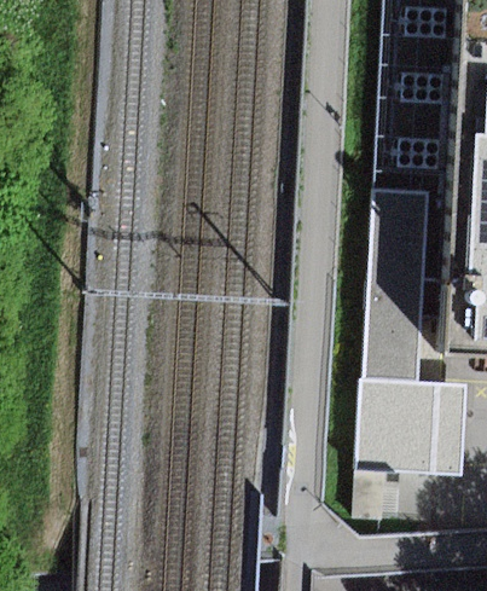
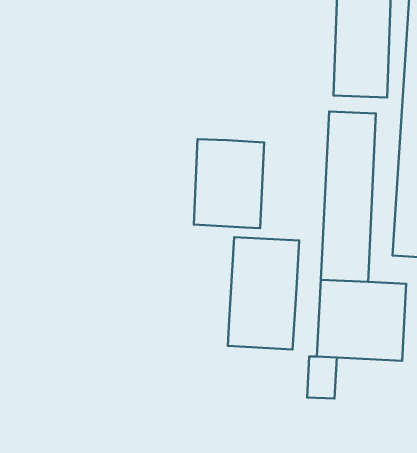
building: none -> [194,139,264,228]
building: none -> [228,237,299,349]

